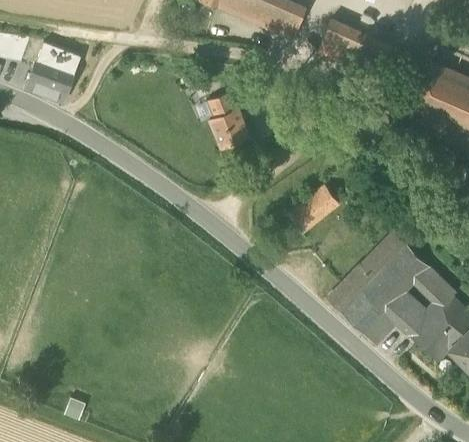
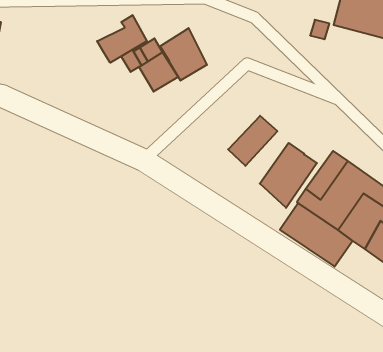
building: none -> [97,15,147,63]
building: none -> [160,28,207,81]
building: none -> [260,143,317,208]

